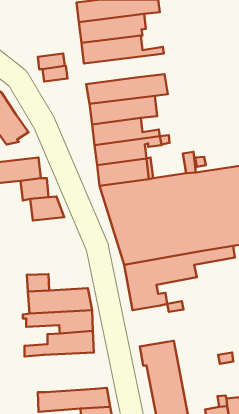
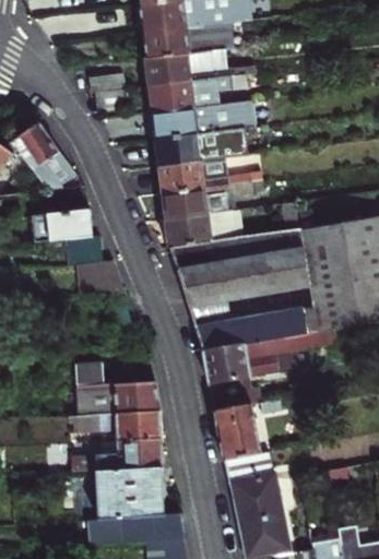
building: none -> [149,73,246,112]
building: none -> [213,405,259,460]
building: none -> [95,467,164,520]

